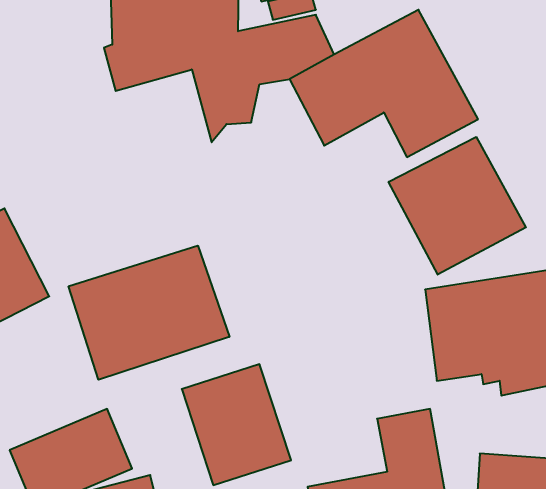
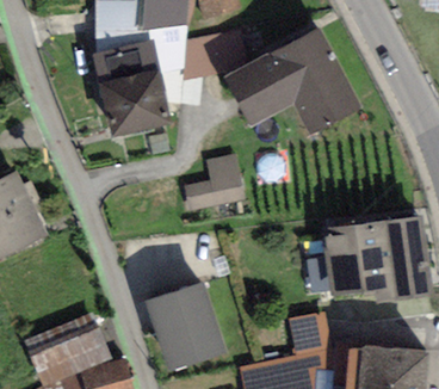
building: none -> [99,68,168,136]
building: [389,137,526,275] -> none
building: none -> [185,155,241,211]
building: [69,246,229,380] -> none

